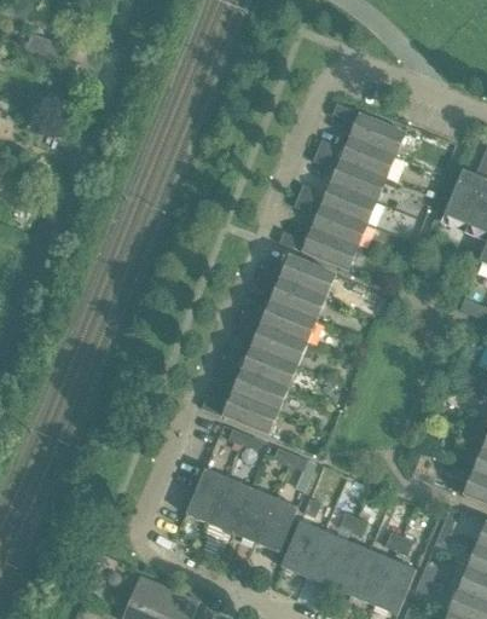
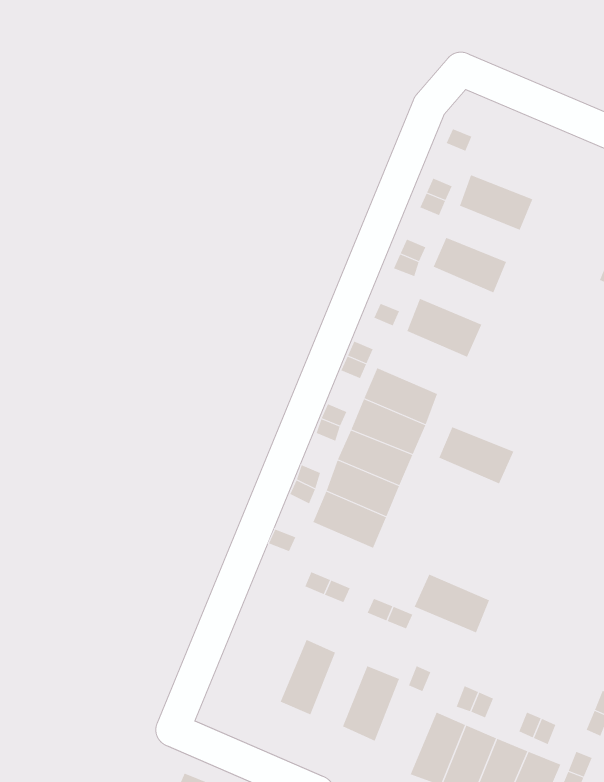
building: [348,111,404,154] -> none
building: [330,158,384,199] -> none
building: [311,203,365,245] -> none
building: [279,254,335,296] -> [439,427,514,484]
building: [221,391,277,434] -> [414,574,490,633]
building: [184,467,227,522] -> none
building: [231,486,272,540] -> none
building: [279,520,323,575] -> none

